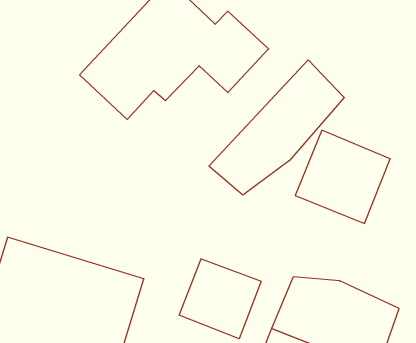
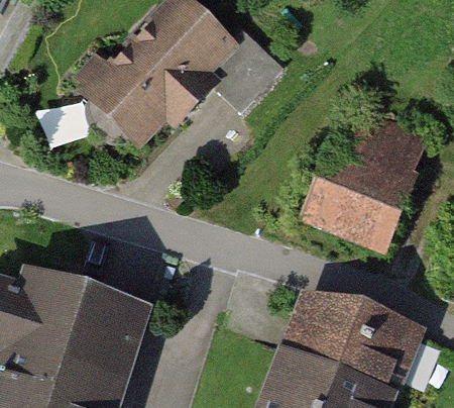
building: [209,60,344,195] -> none
building: [179,259,261,339] -> none

